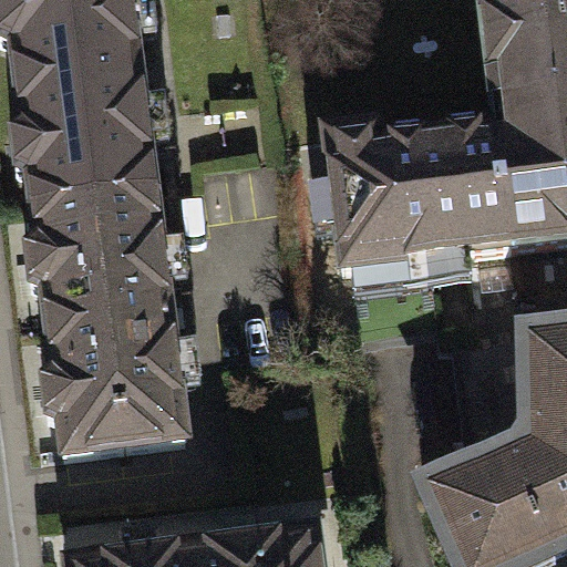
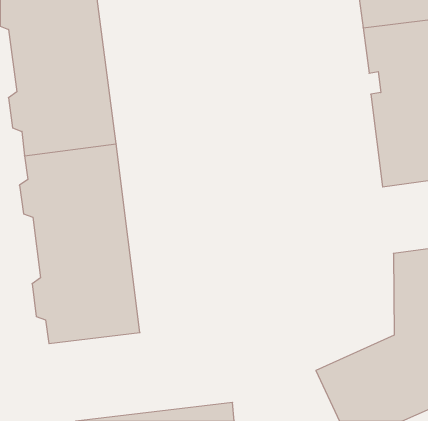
building: [320,123,506,267] -> none

